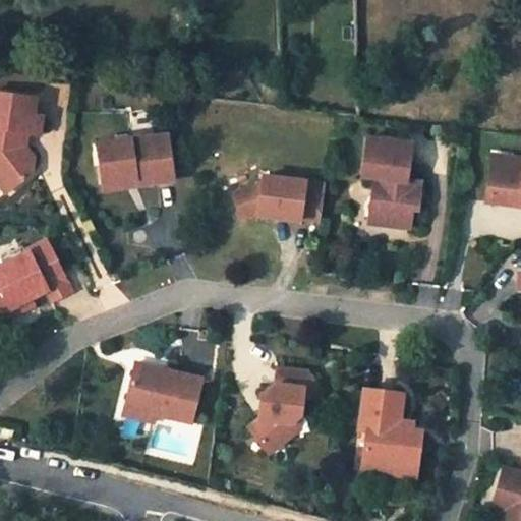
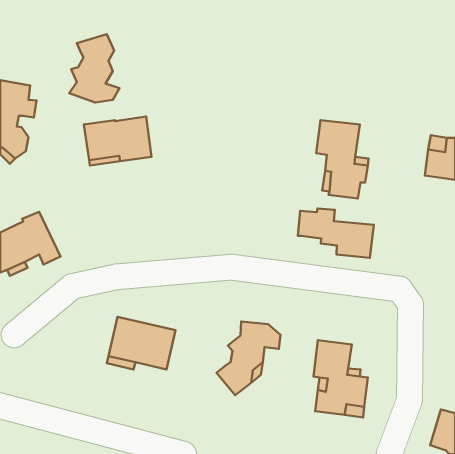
building: none -> [69,34,120,103]
building: [233,175,325,220] -> none
building: none -> [298,208,374,258]

